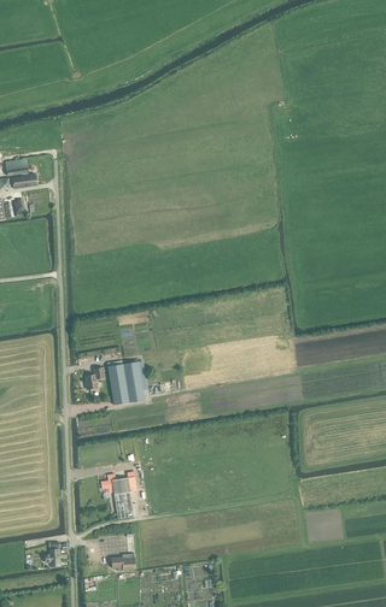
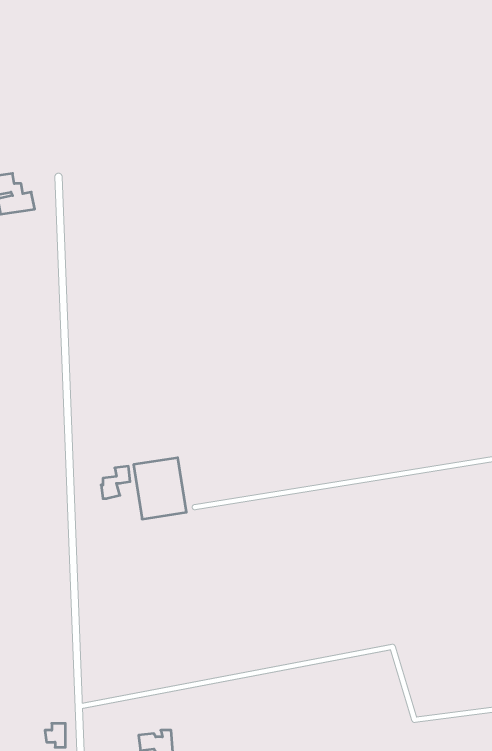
building: [101,472,138,518] -> none

